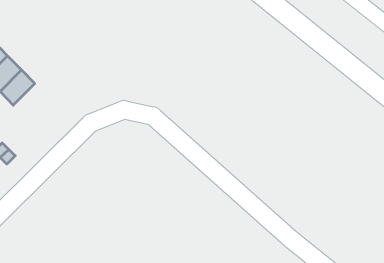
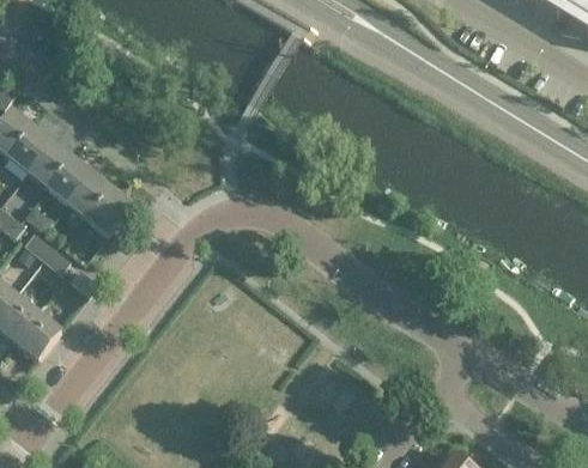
building: none -> [86,190,131,237]

